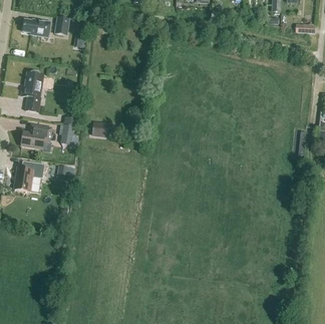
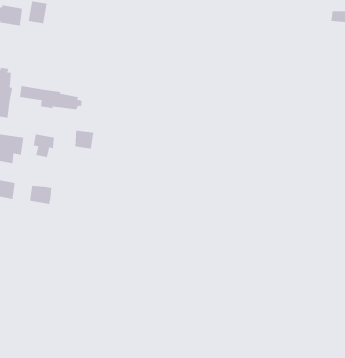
building: none -> [19,85,83,110]

